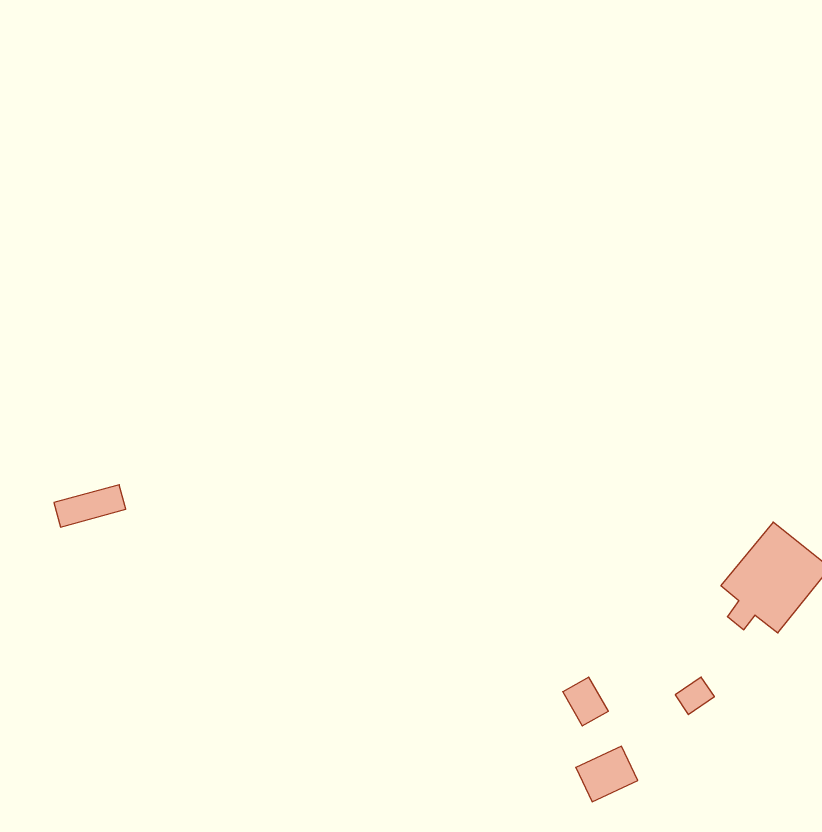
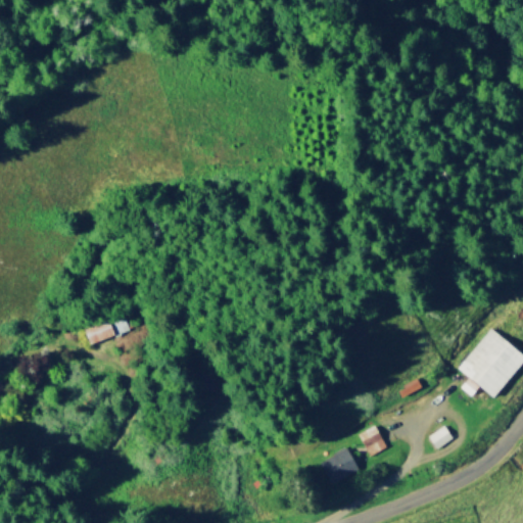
building: [54,485,126,527] -> [87,316,132,342]
building: [576,746,638,802] -> [321,447,360,482]

